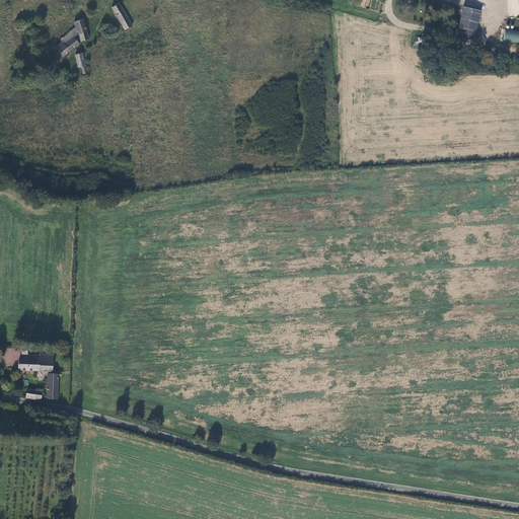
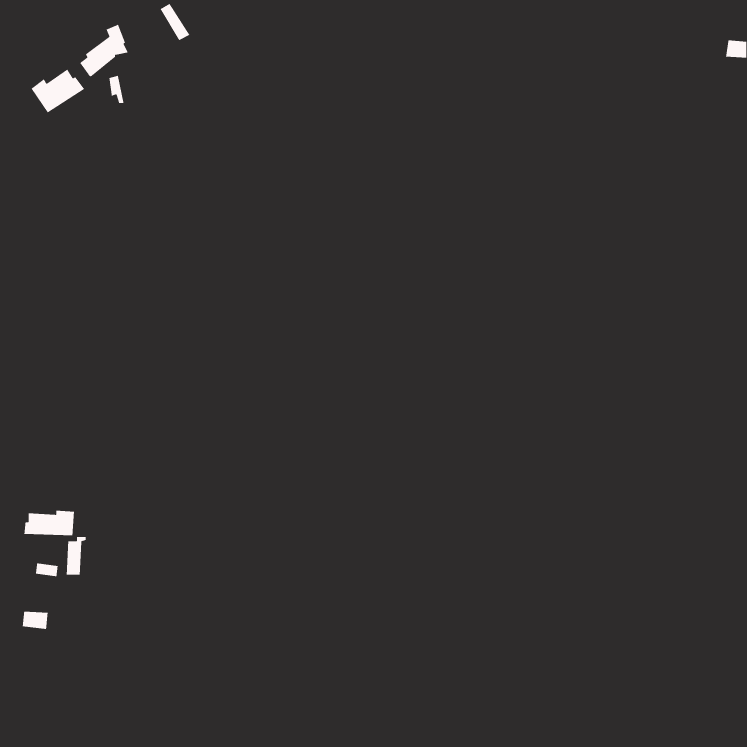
building: [456,7,479,34] -> none
building: none -> [30,69,85,114]

